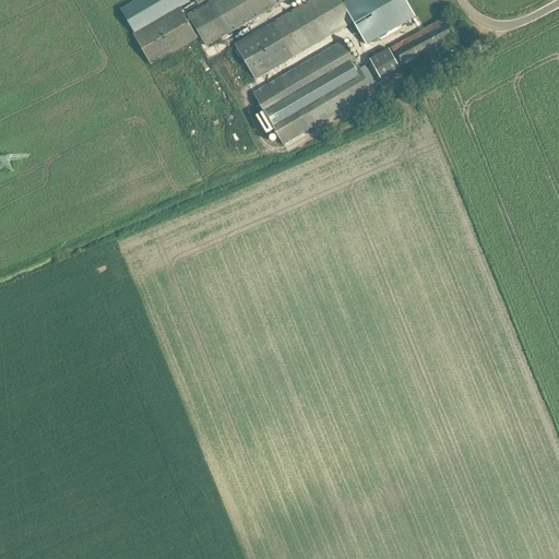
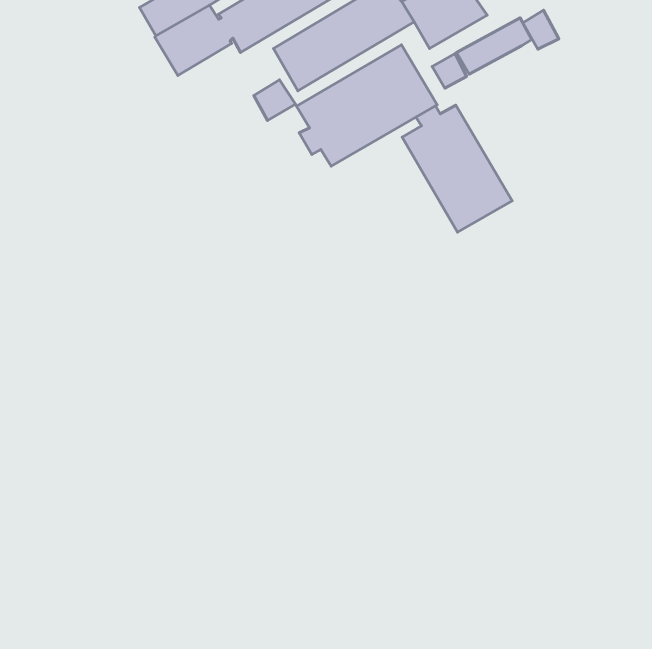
building: none -> [523,10,559,49]
building: none -> [254,80,295,120]
building: none -> [402,105,512,232]

